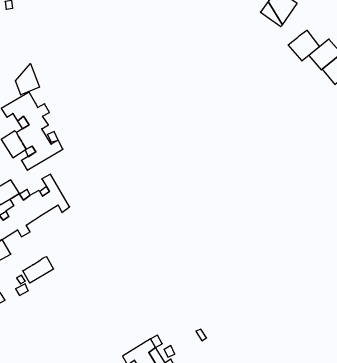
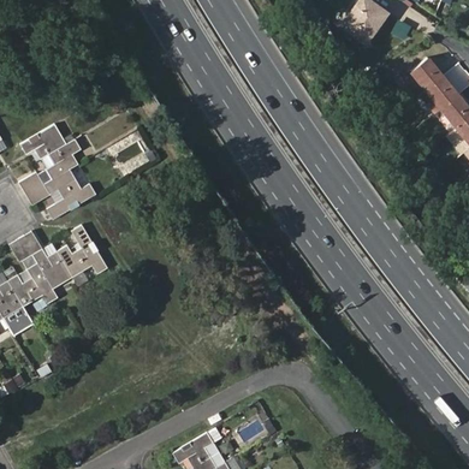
building: [288,30,319,61] -> none
building: [15,64,40,95] -> none
building: [23,257,54,283] -> none

